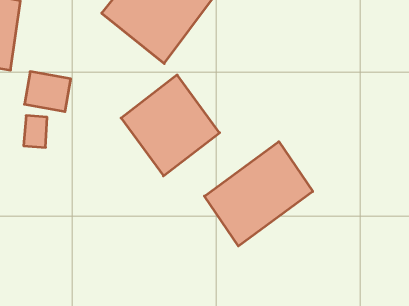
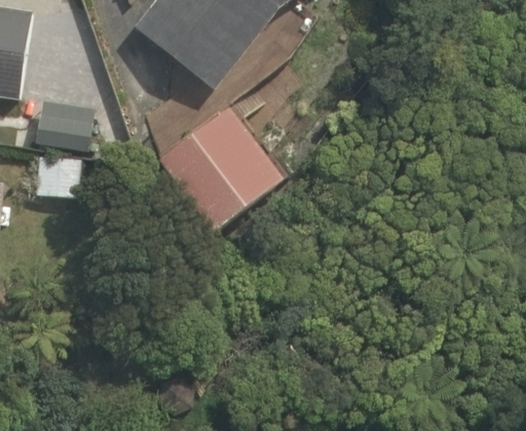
building: [204,142,313,246] -> none

